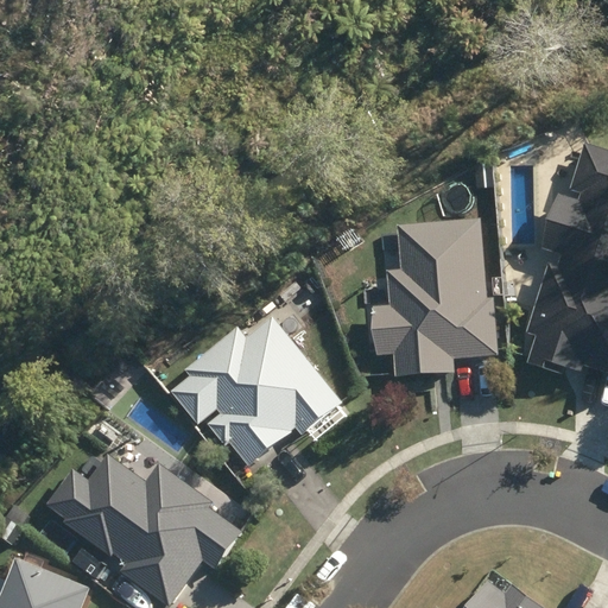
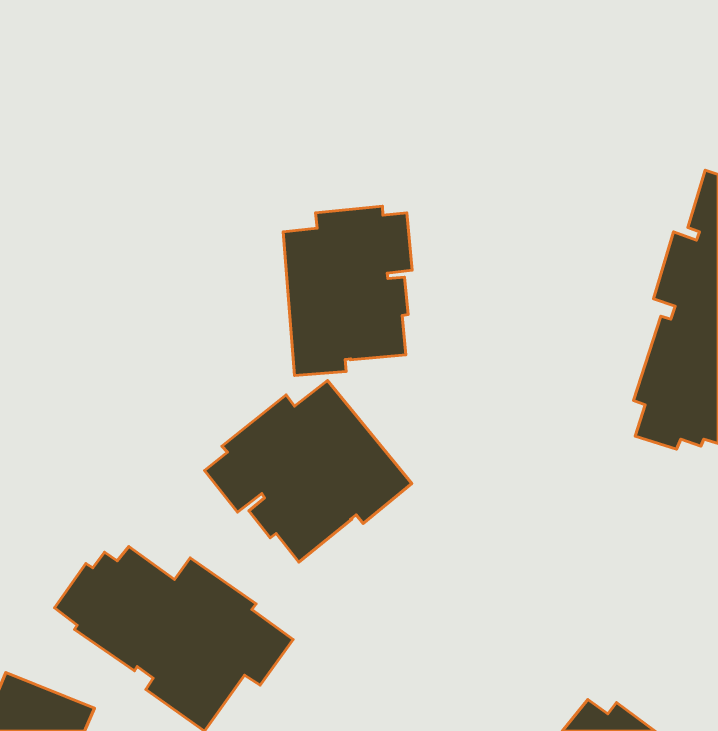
building: none -> [283,206,412,376]
building: [372,218,498,376] -> none

